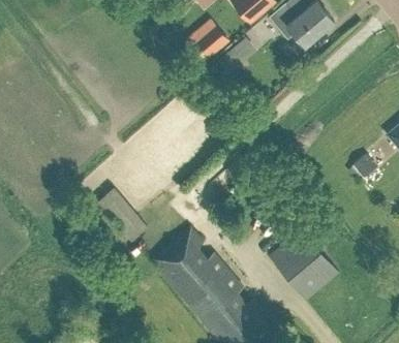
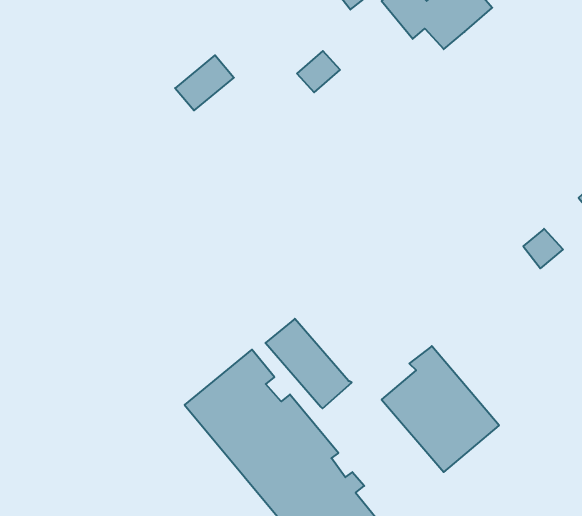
building: [193,28,228,61] -> [175,55,234,110]
building: [96,188,148,242] -> [265,319,352,408]

